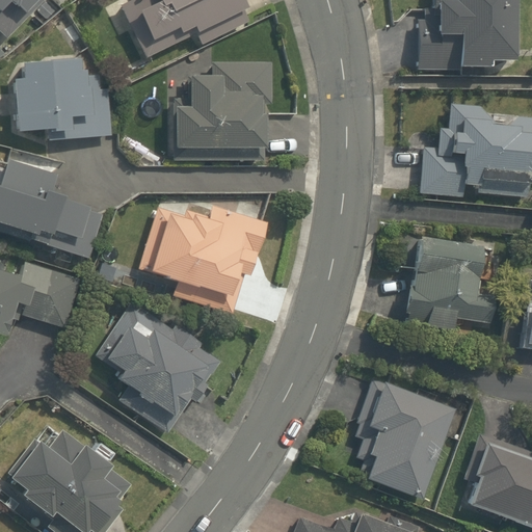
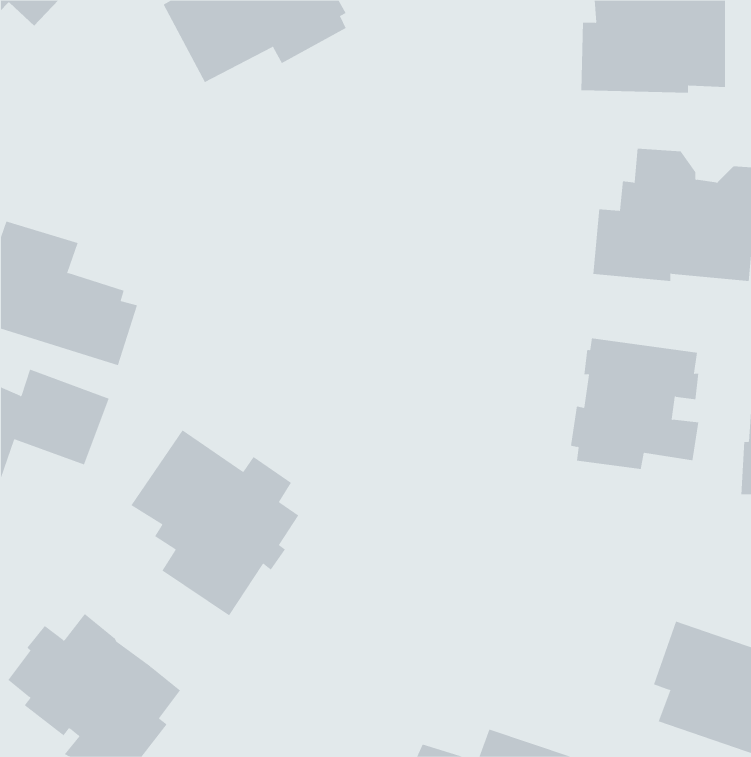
building: [11,56,110,136] -> none
building: [171,61,272,161] -> none
building: [138,206,267,314] -> none
building: [355,379,458,500] -> none

